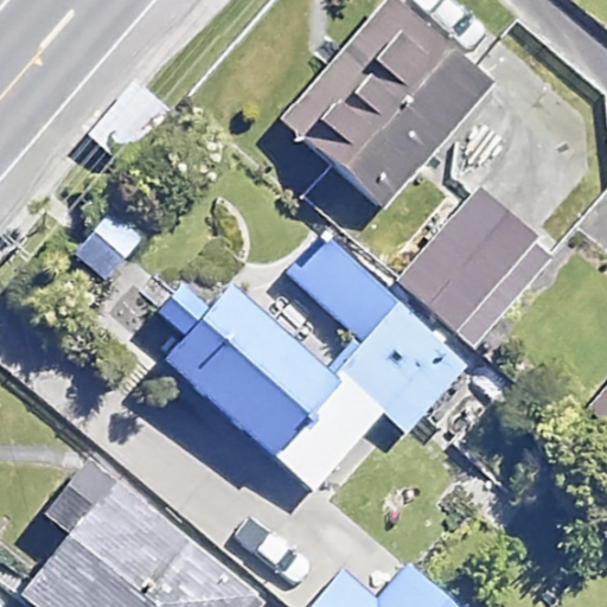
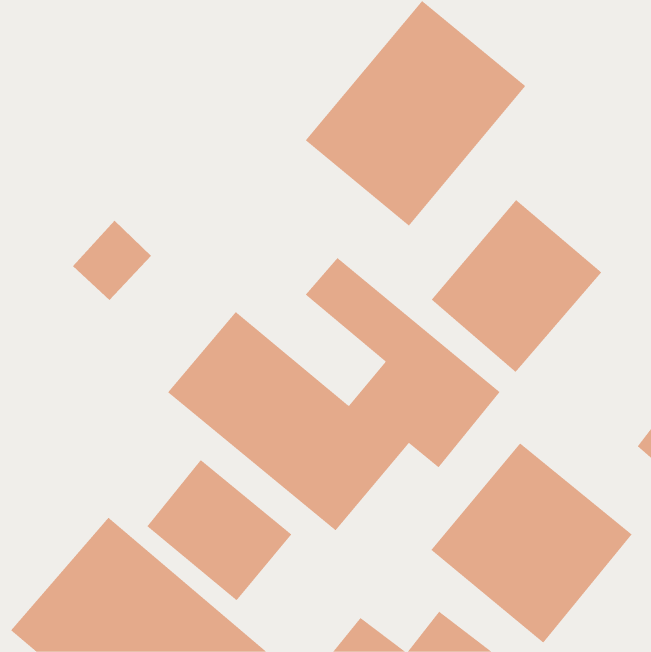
building: none -> [430,442,633,644]
building: none -> [146,459,292,601]

